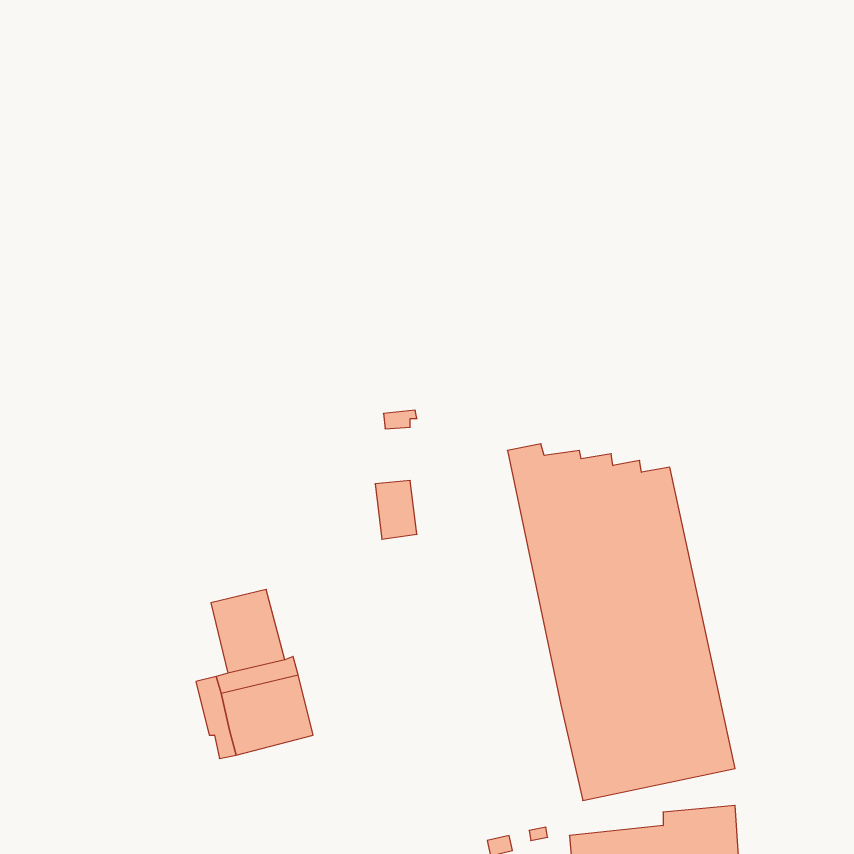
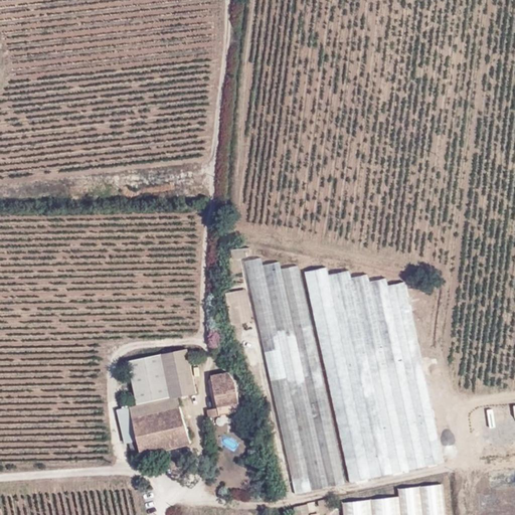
building: none -> [245,259,343,493]
building: none -> [160,349,195,397]
building: none -> [207,374,239,419]

